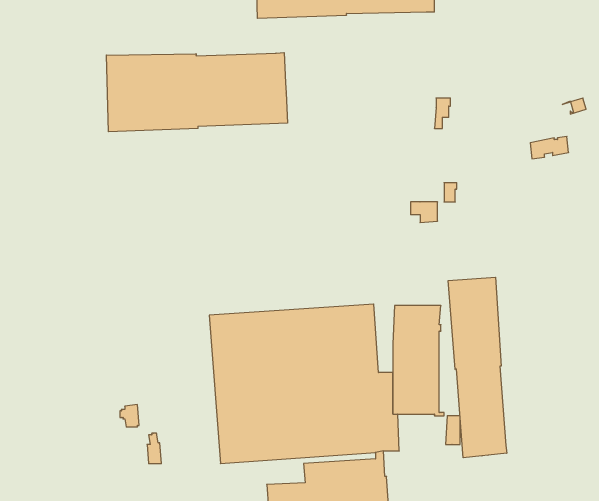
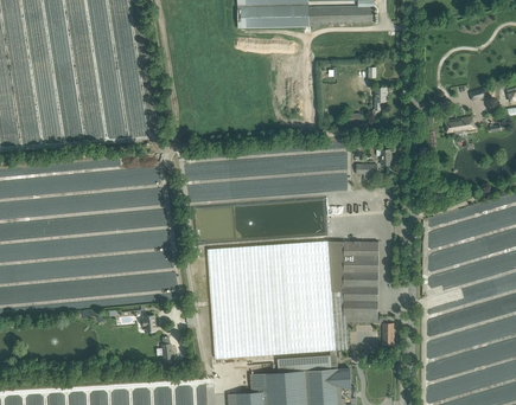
building: [106,53,287,132] -> none
building: [448,277,507,458] -> none

